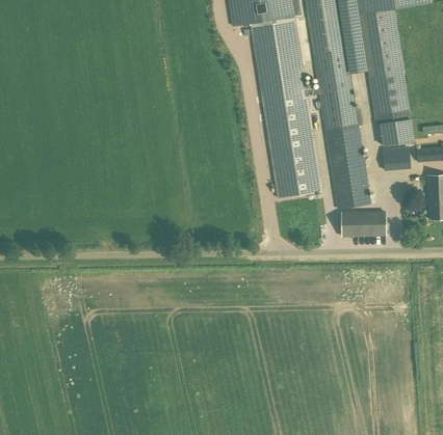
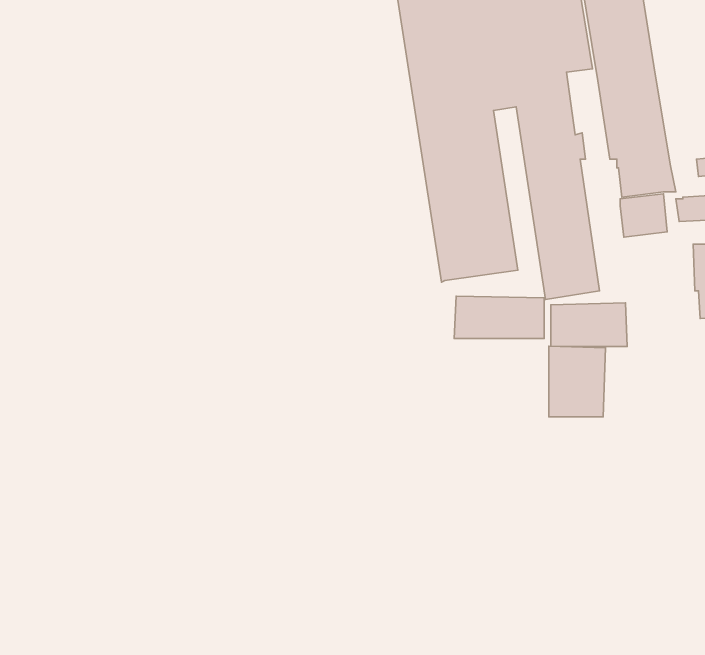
building: none -> [454,296,544,339]
building: none -> [549,346,605,417]

